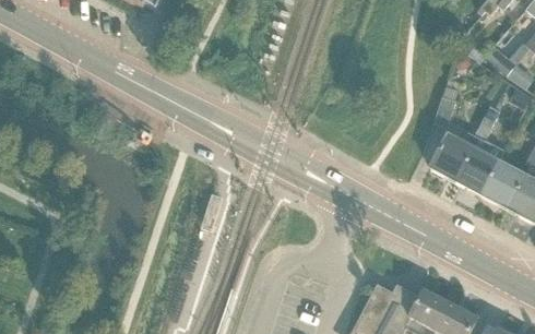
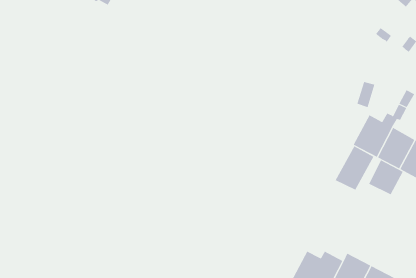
building: none -> [335,146,374,191]
building: none -> [369,159,403,195]

